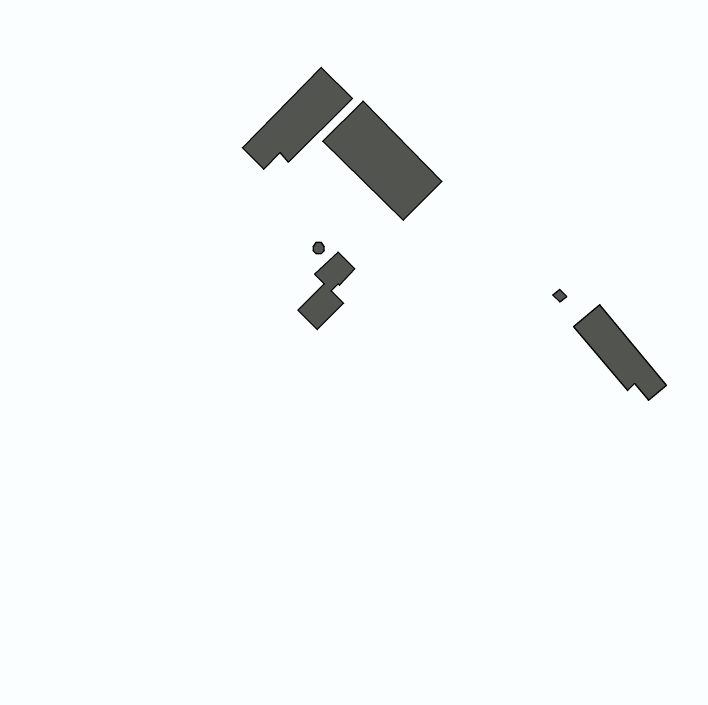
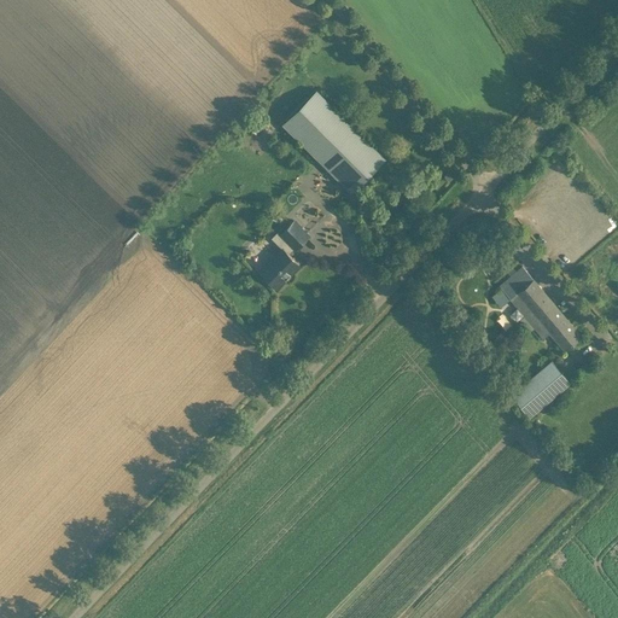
building: [242,67,352,169] -> none
building: none -> [509,362,570,419]

